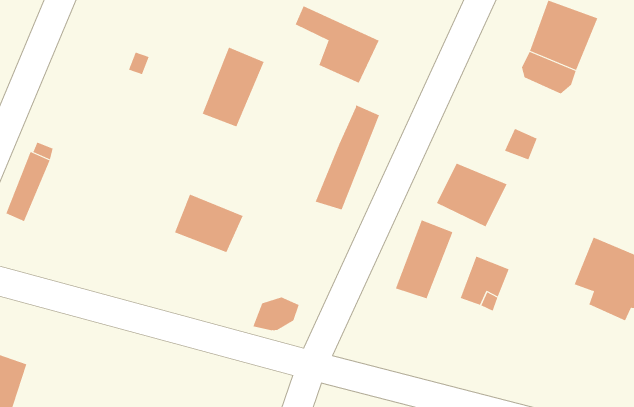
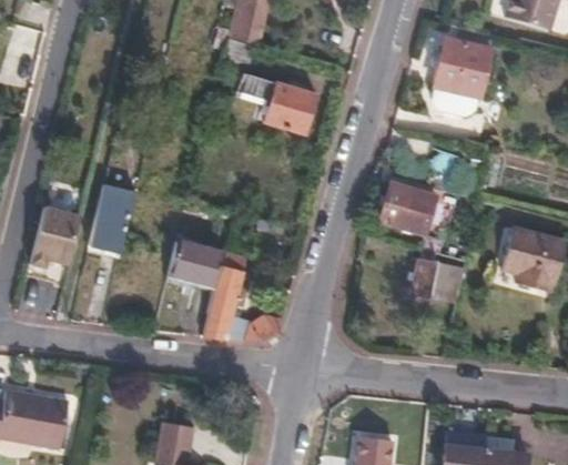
building: [202,47,264,127] -> [91,186,135,251]
building: [315,105,380,210] -> [204,252,246,340]
building: [395,220,453,299] -> none

